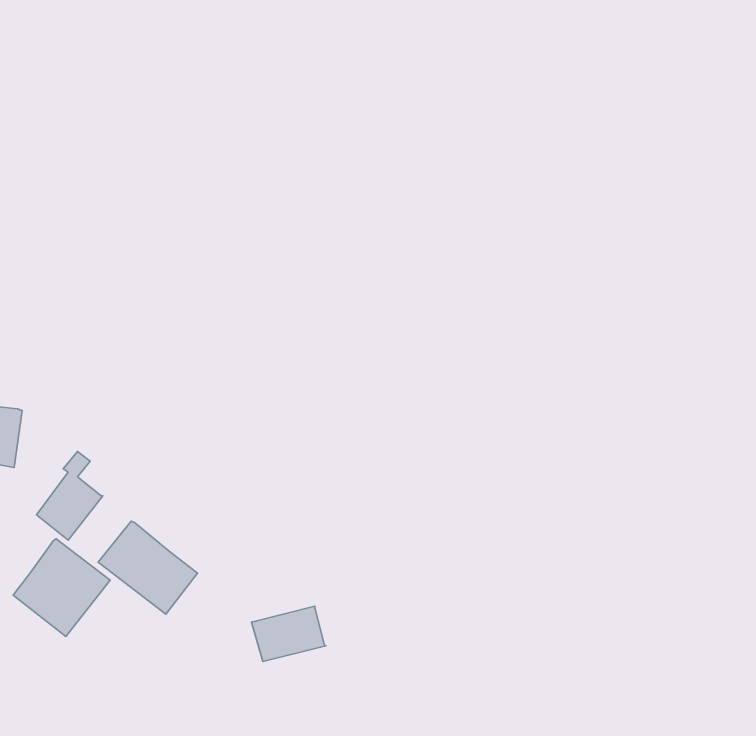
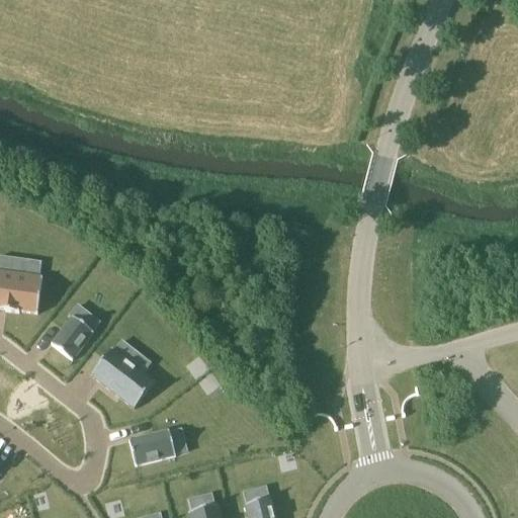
building: [13,539,110,637] -> none
building: [252,606,326,662] -> [128,428,176,463]

